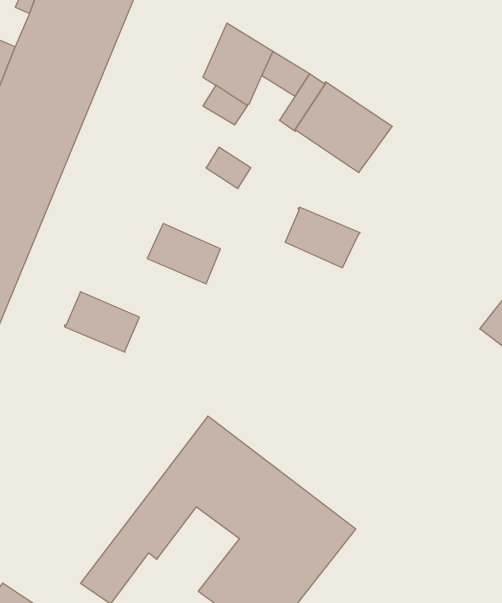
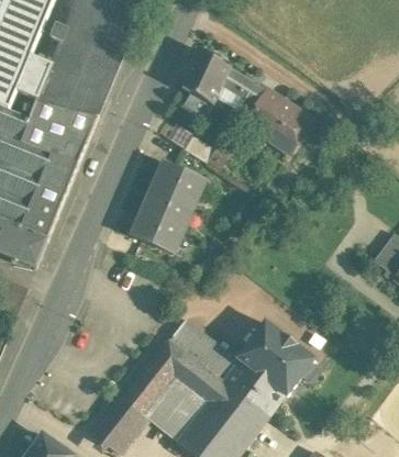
building: [285,207,360,268] -> [153,161,204,203]
building: [65,292,139,352] -> [131,210,182,252]
building: none -> [234,319,315,397]
building: none -> [148,381,206,439]

